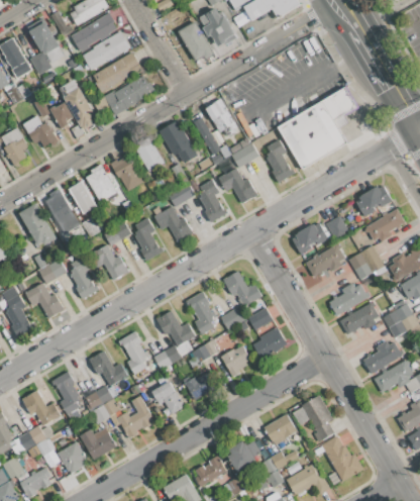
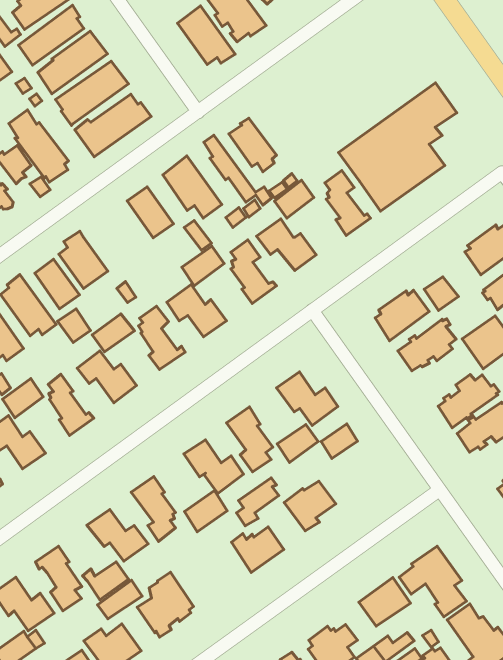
building: [110,158,143,191] -> none
building: [250,327,288,363] -> none
building: [151,381,184,414] -> none

